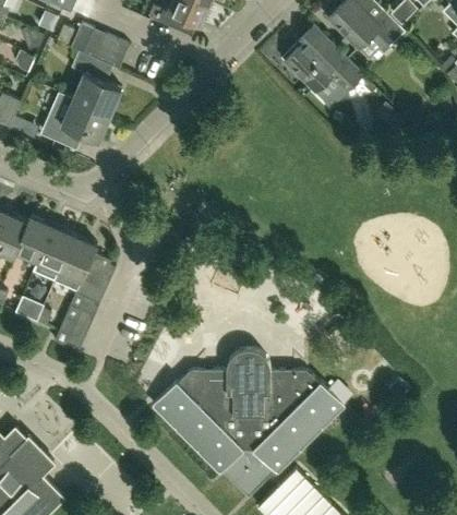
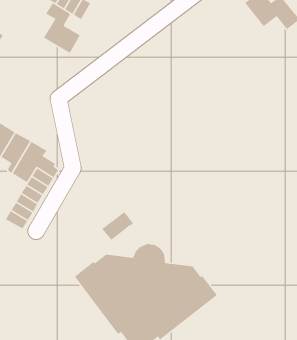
building: [285,25,361,91] -> none
building: [43,98,110,144] -> none
building: none -> [101,211,134,241]

